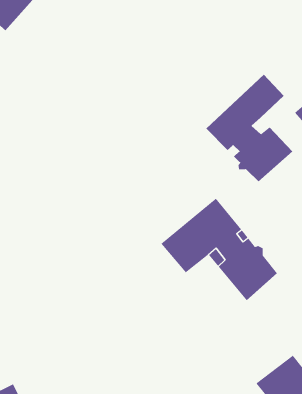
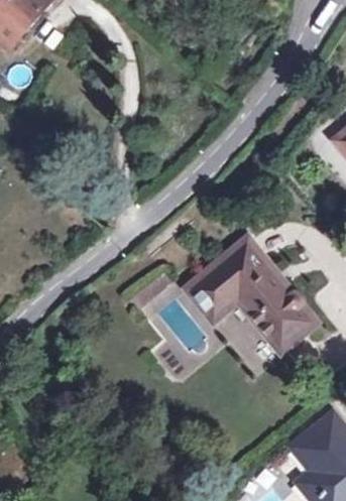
building: [205,74,293,182] -> none

